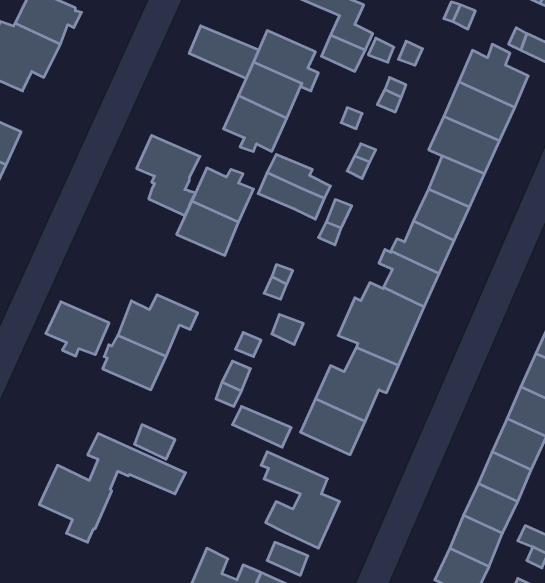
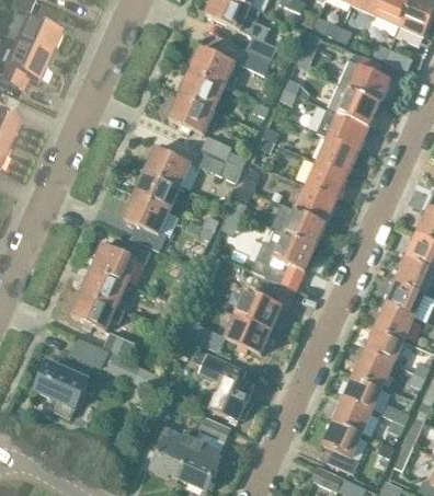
building: [189,26,259,79] -> none
building: [137,135,200,215] -> [123,194,169,252]
building: [46,302,109,356] -> [69,291,115,331]

